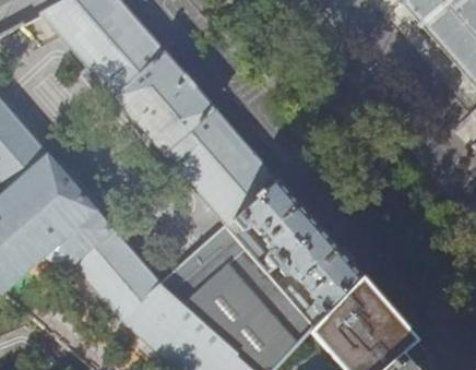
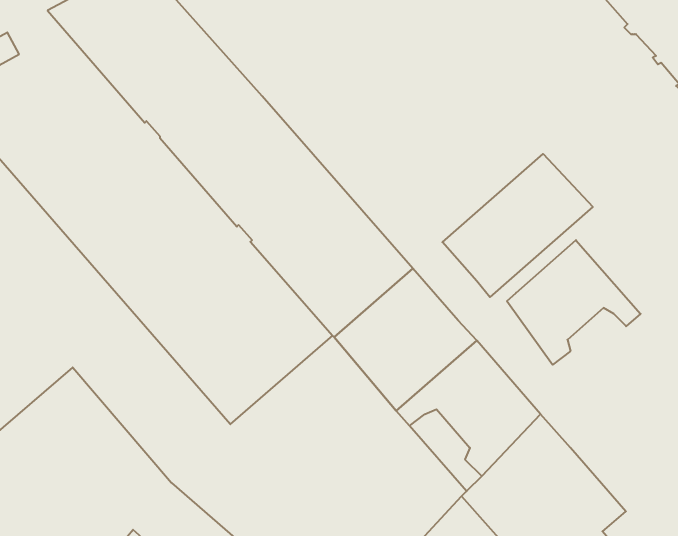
building: none -> [442,154,593,297]
building: none -> [507,240,641,365]

